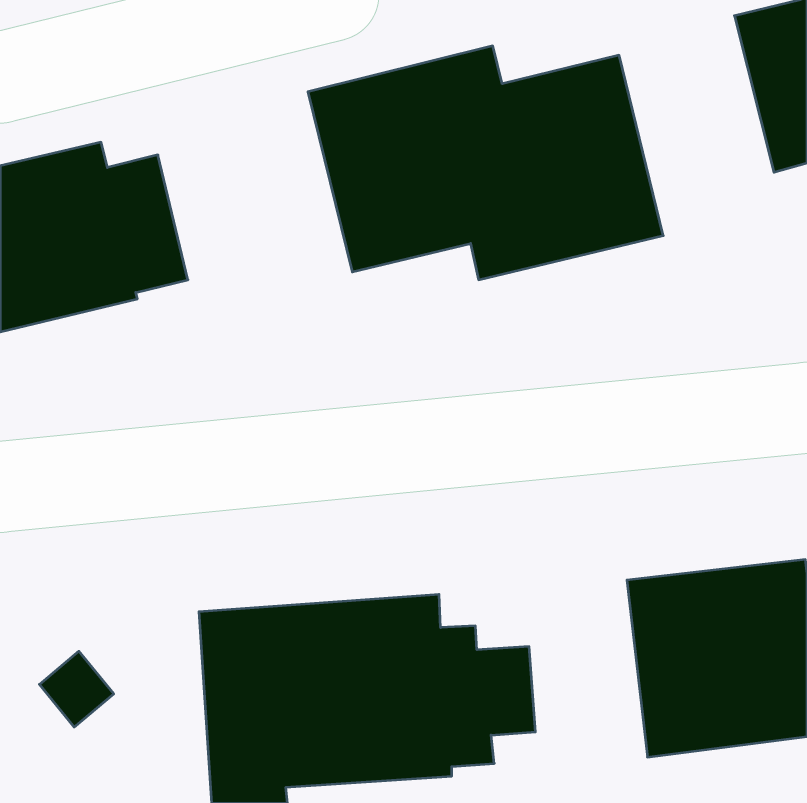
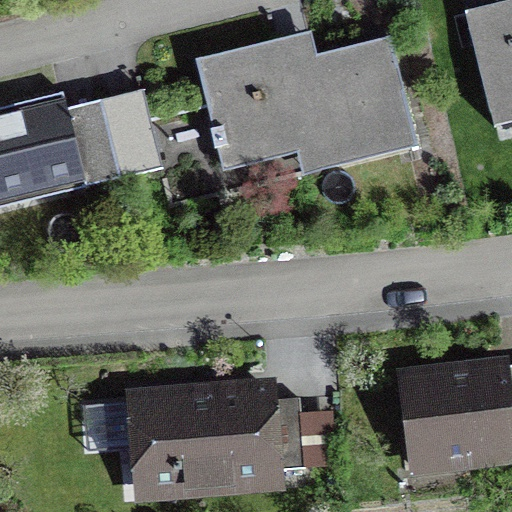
building: none -> [100,88,163,177]

